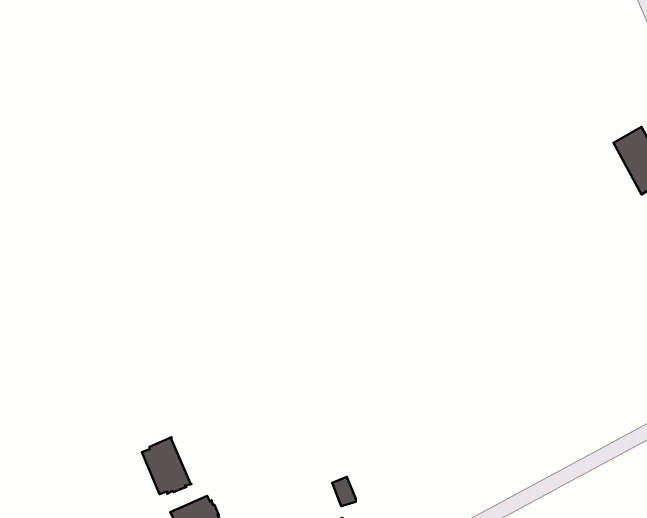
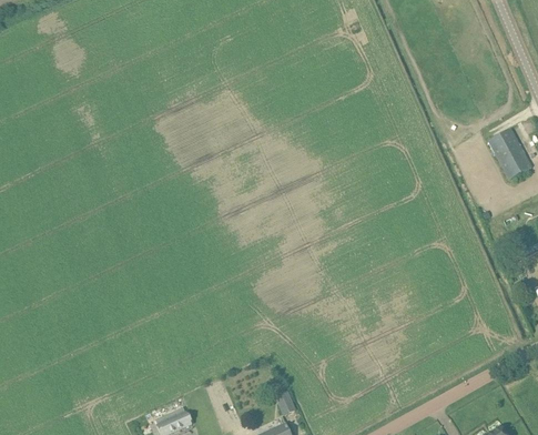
building: [142,437,192,494] -> none

